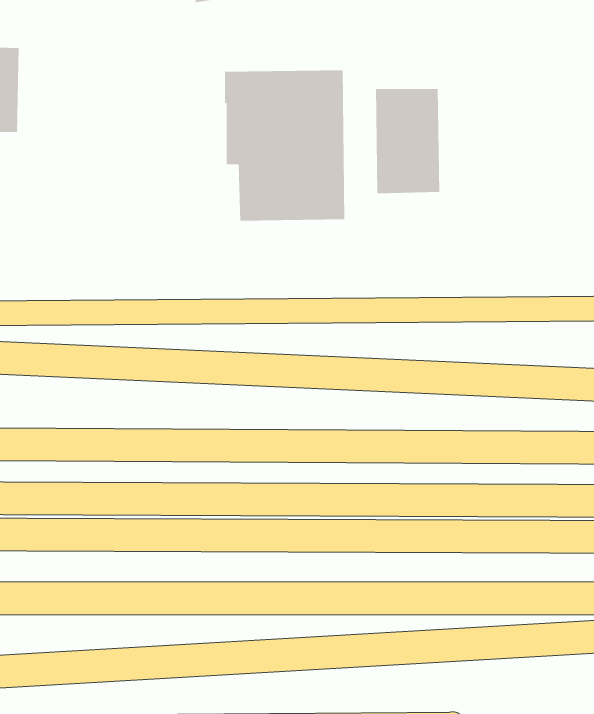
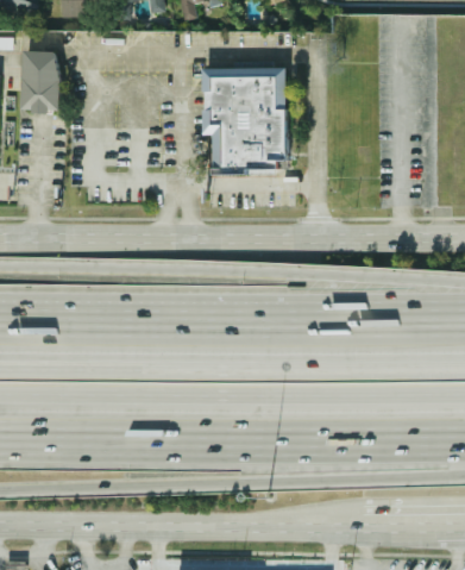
building: [375,88,440,194] -> none

